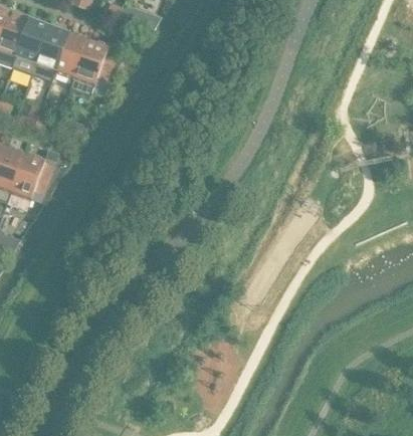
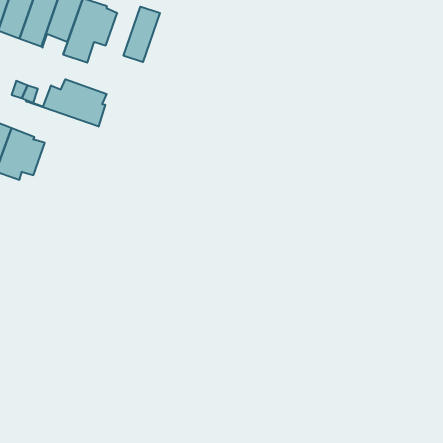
building: none -> [124,7,160,62]
building: none -> [26,79,107,127]

